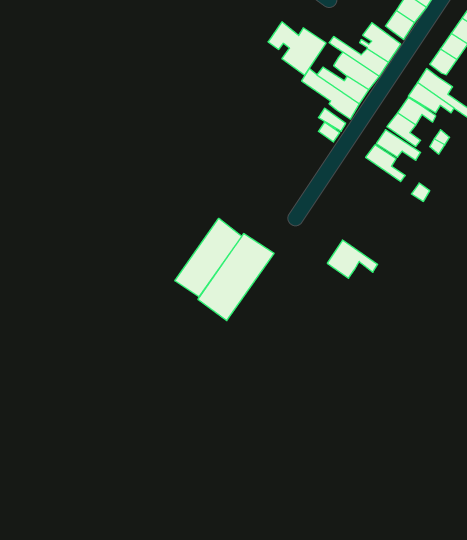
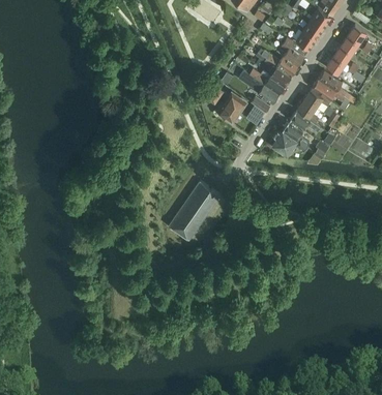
building: [268,22,326,75] -> [208,87,247,123]
building: [175,218,242,297] -> none
building: [327,240,378,278] -> [272,129,306,155]

